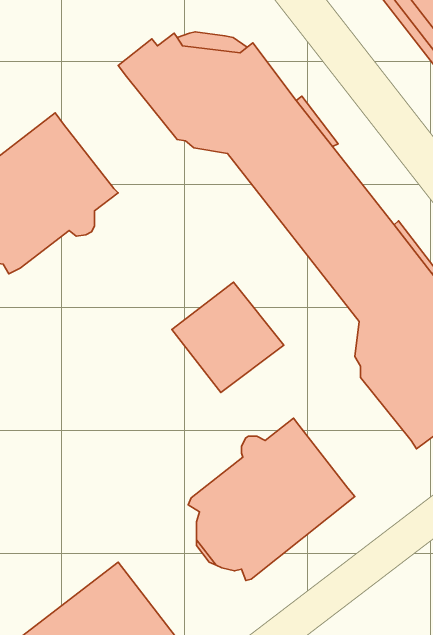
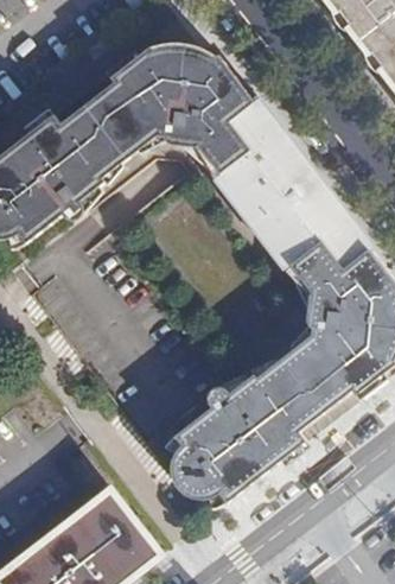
building: none -> [58,81,154,176]
building: [172,282,284,393] -> [257,336,352,430]

